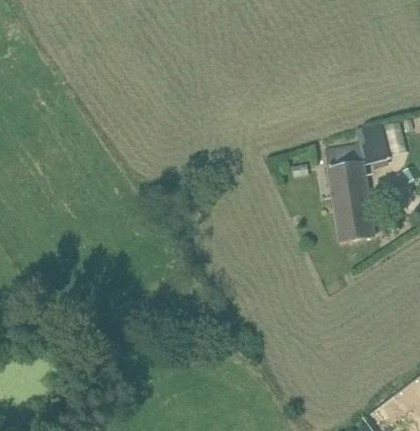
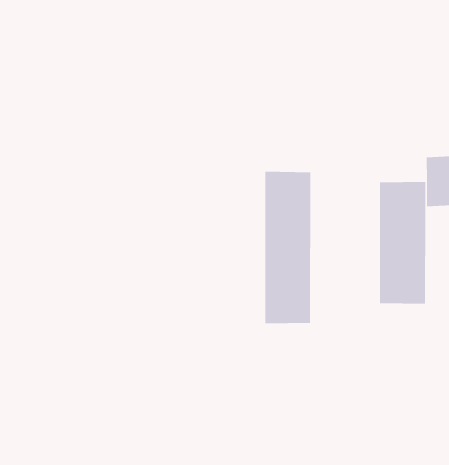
building: none -> [265,171,311,324]

